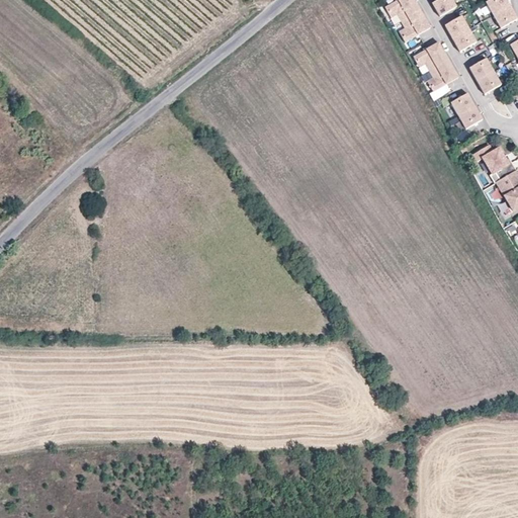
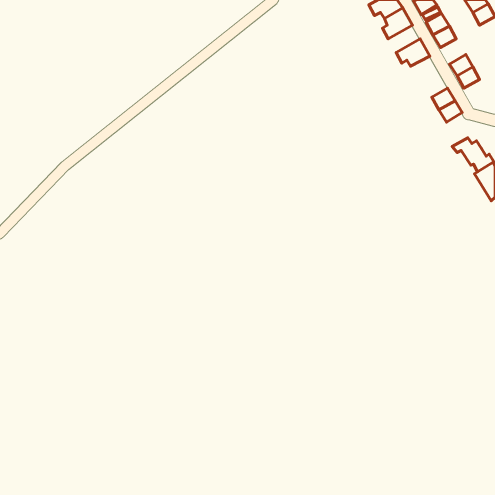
building: [426,59,458,90] -> none

